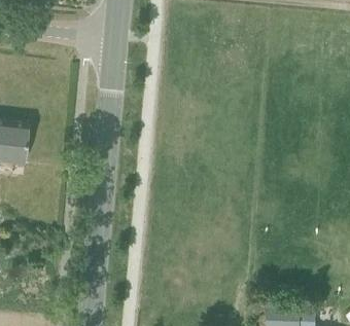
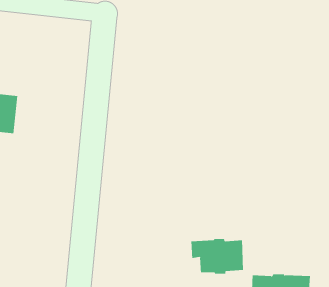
building: none -> [191,238,243,274]

